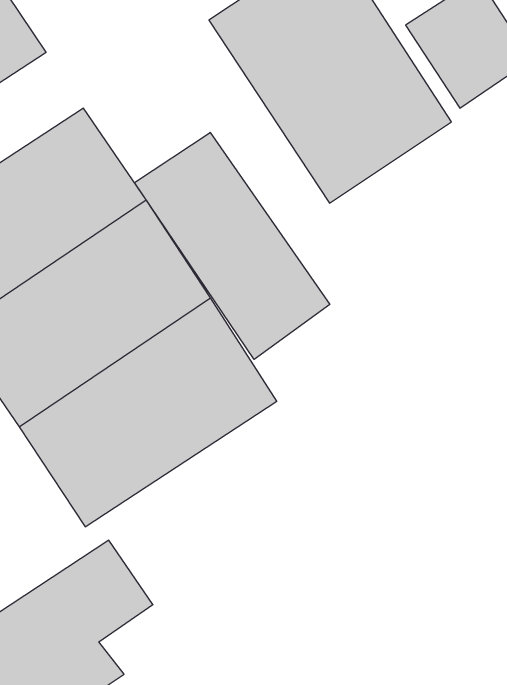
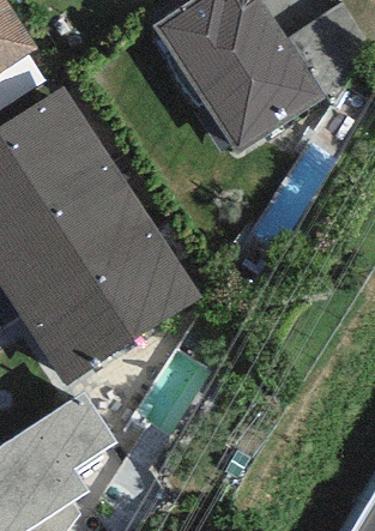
building: [135,132,330,359] -> none

